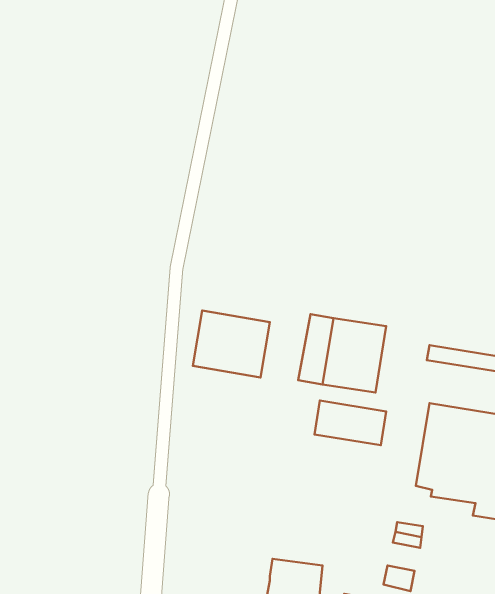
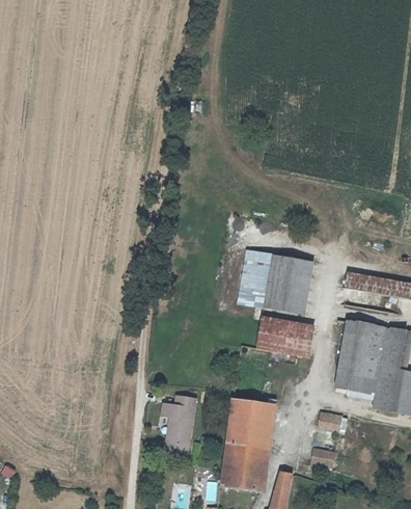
building: [193,310,270,378] -> none
building: none -> [161,394,195,452]
building: none -> [226,395,270,446]

